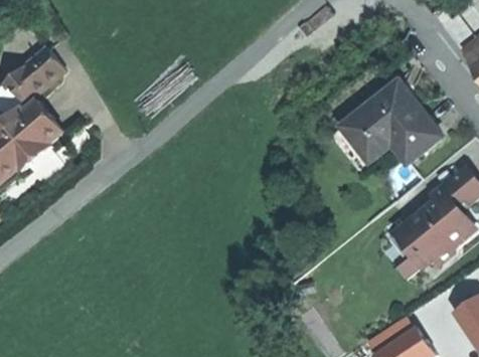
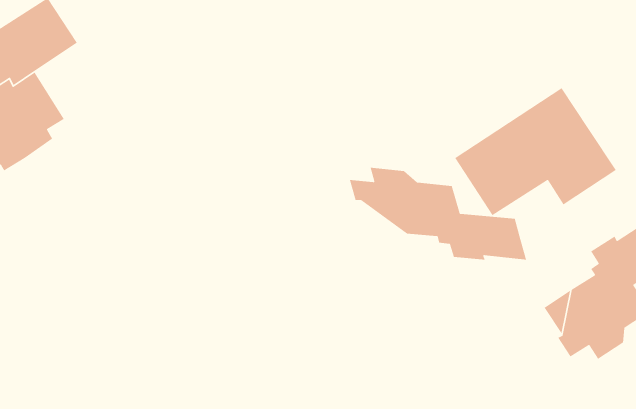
building: none -> [349,167,527,261]

